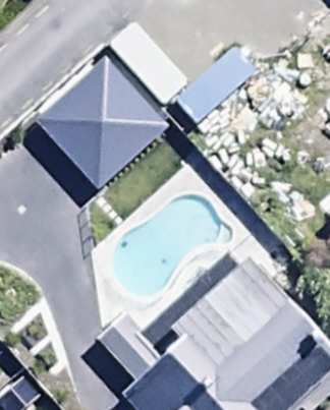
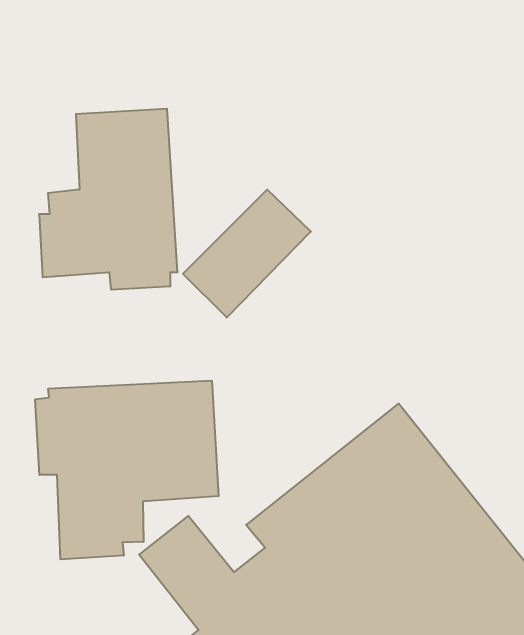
building: none -> [35,381,218,559]

